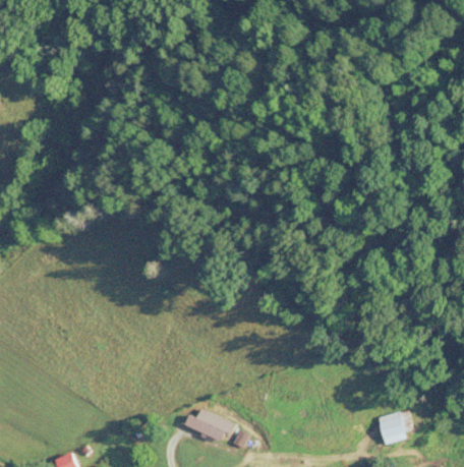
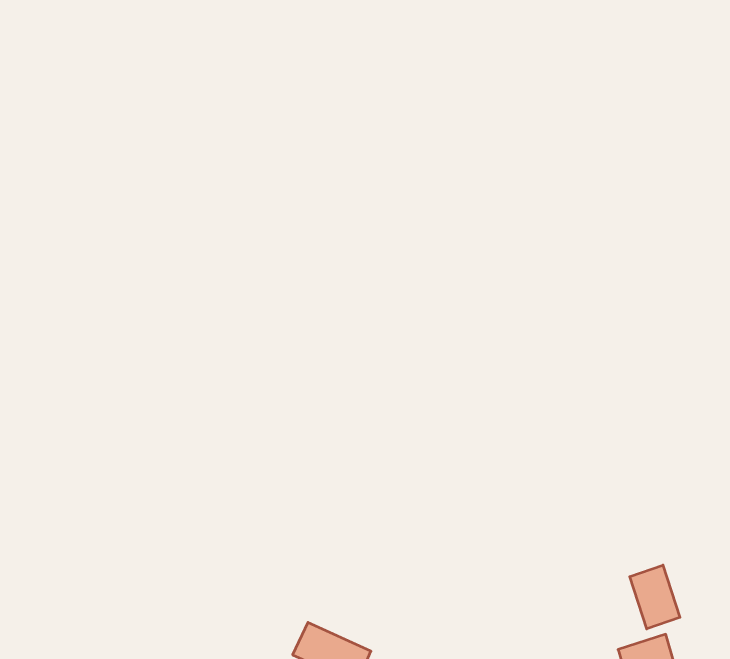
building: none -> [630,565,680,629]

